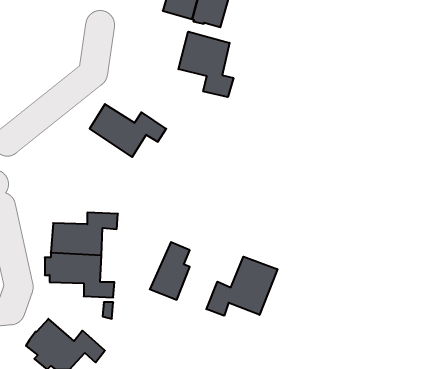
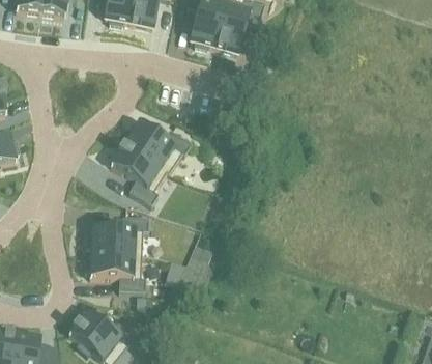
building: [178,32,233,97] -> none
building: none -> [109,143,161,205]
building: [206,257,277,316] -> none

